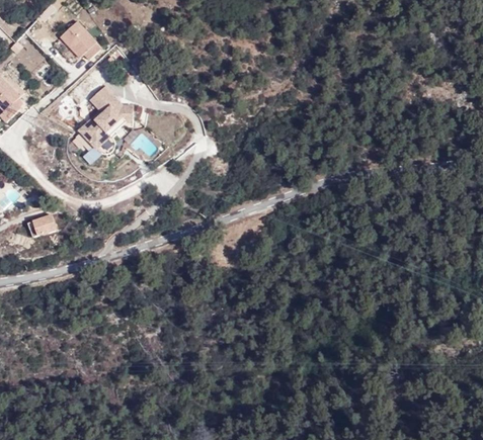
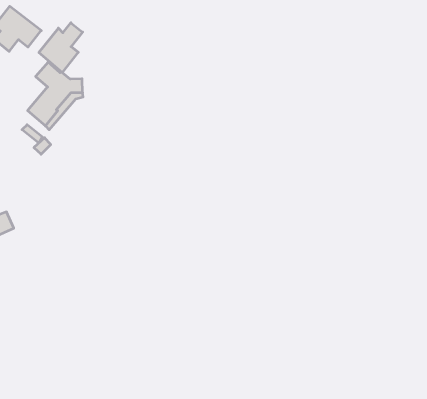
building: none -> [39,23,83,72]

